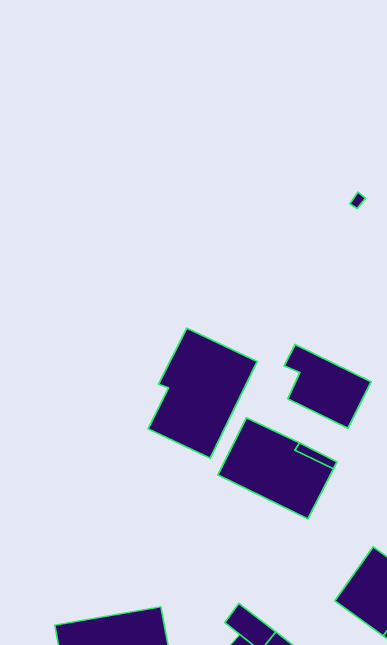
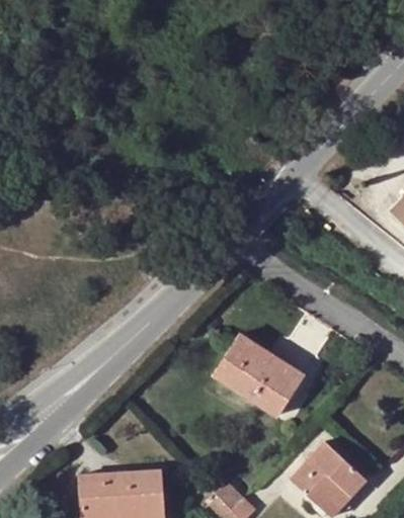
building: [148,328,257,458] -> none
building: [284,345,371,428] -> none

